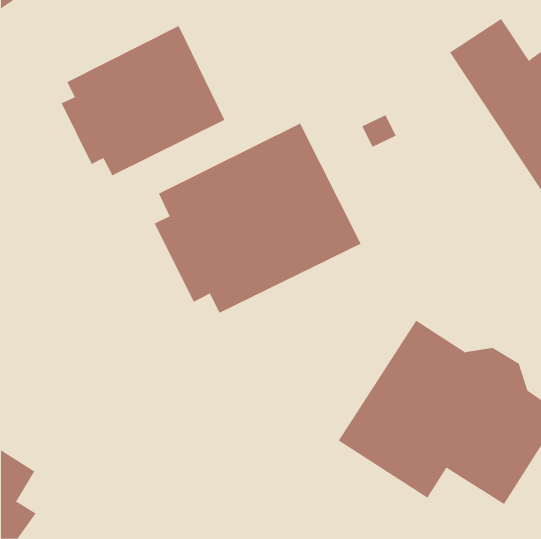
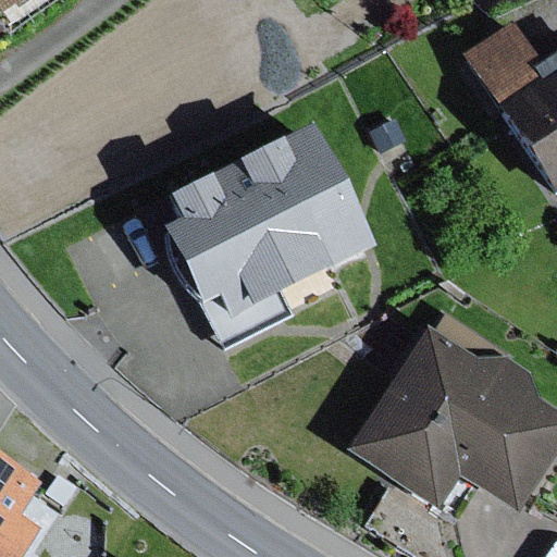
building: [61,25,225,176] -> none

